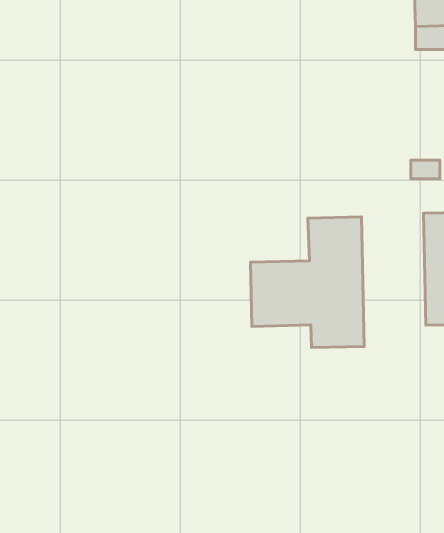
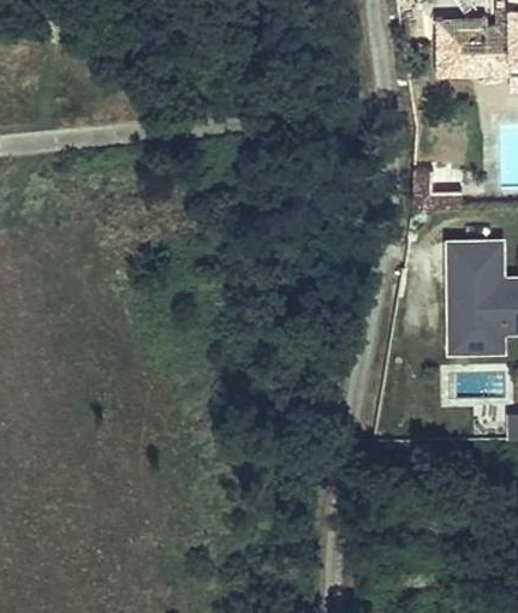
building: [251,217,364,348] -> none

